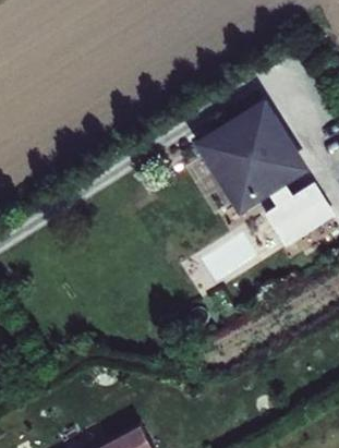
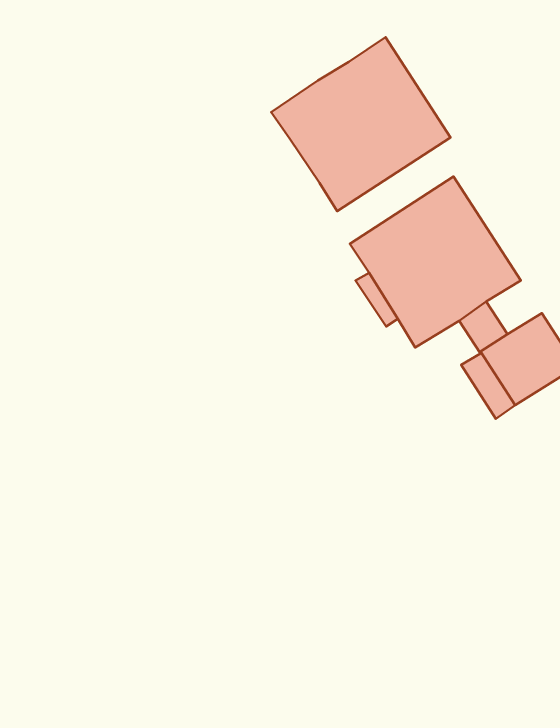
building: none -> [271,37,451,211]

